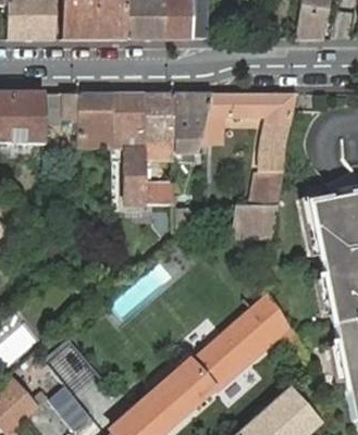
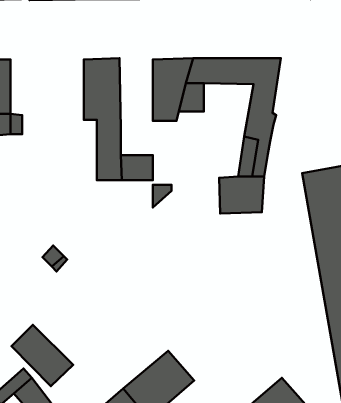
building: [146,94,176,158] -> none
building: [46,95,113,142] -> none
building: [190,294,310,389] -> none

